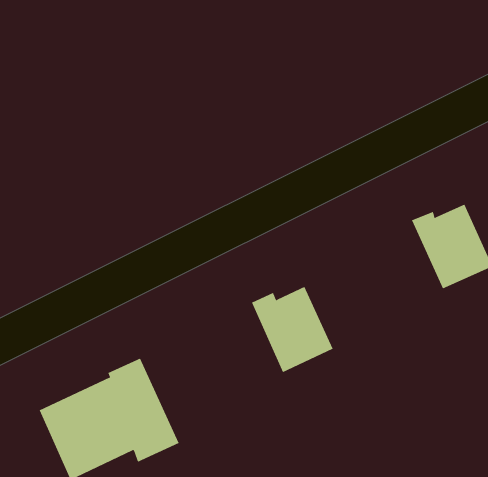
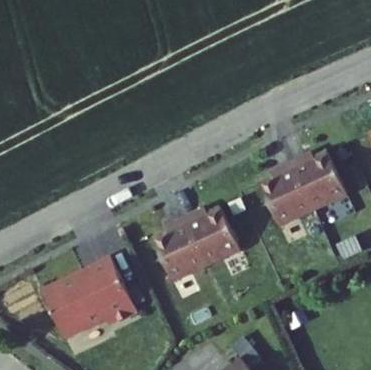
building: none -> [259,163,312,225]
building: none -> [152,218,205,281]

